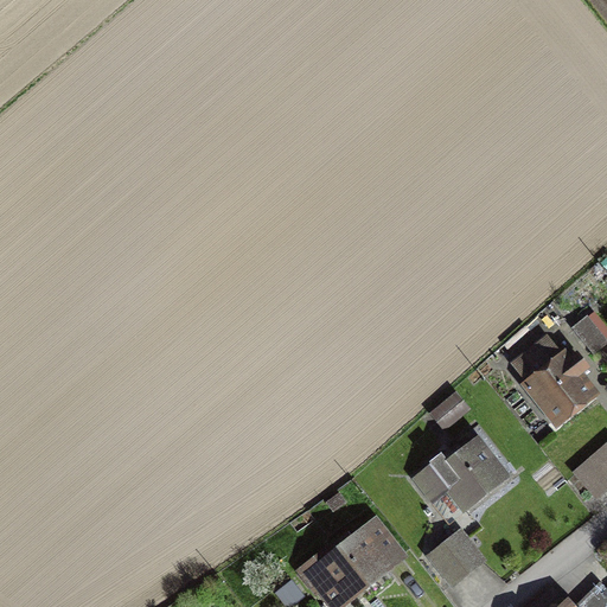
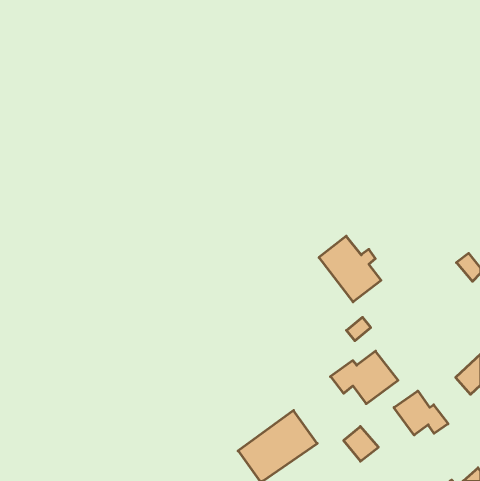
building: [516,339,594,422] -> [319,236,381,302]
building: none -> [394,391,448,435]

